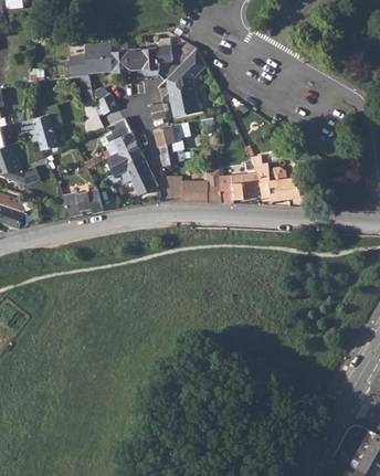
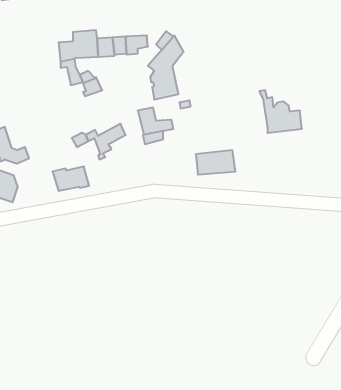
building: [23,106,63,148] -> none
building: [106,116,137,156] -> none
building: [253,154,299,200] -> [259,90,302,133]
building: [124,155,157,194] -> none
building: [166,169,222,203] -> none

